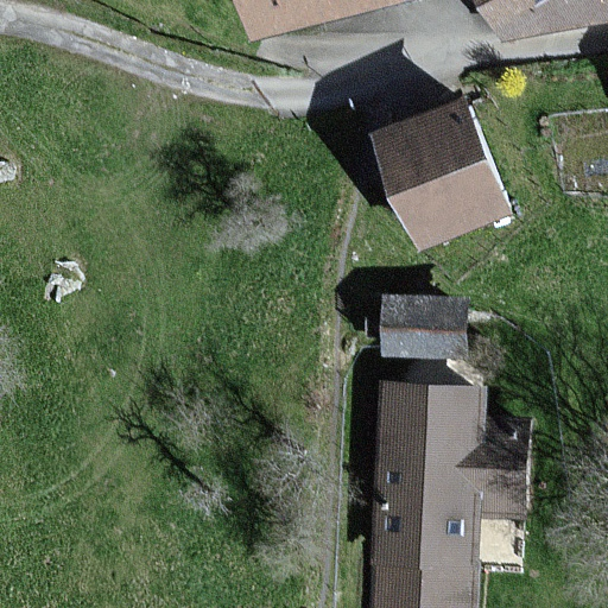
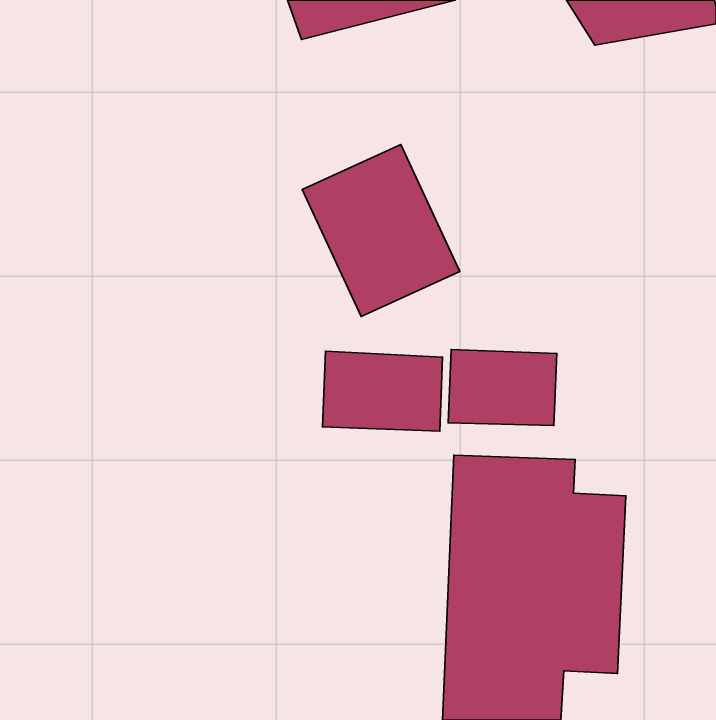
building: [374,102,507,247] -> [302,145,460,316]
building: none -> [323,351,442,431]

